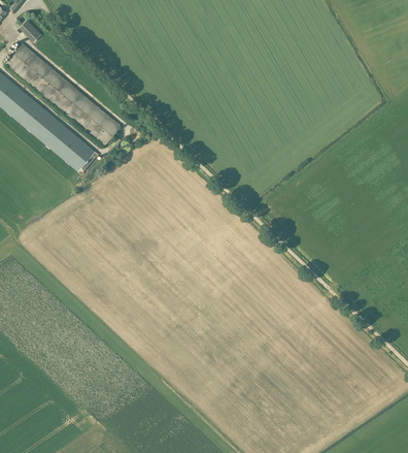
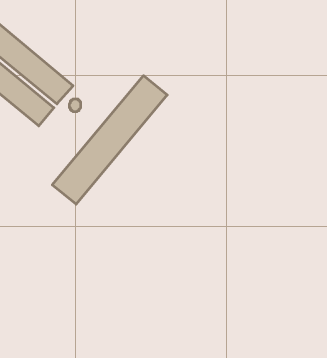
building: none -> [52,76,167,204]

